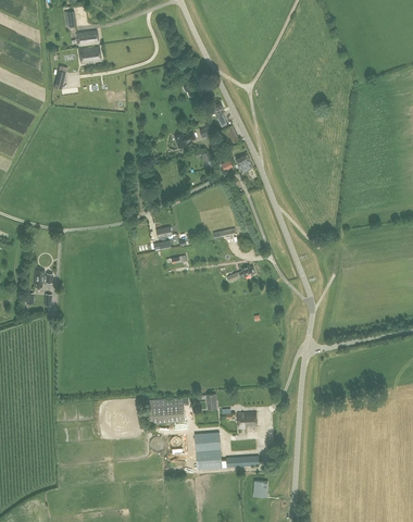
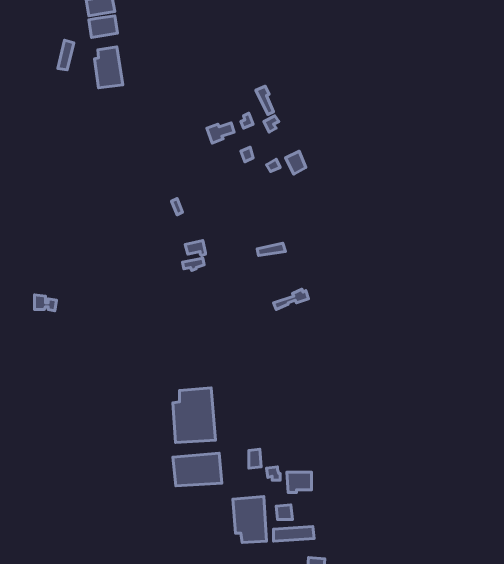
building: none -> [94,47,123,88]
building: none -> [173,388,216,443]

